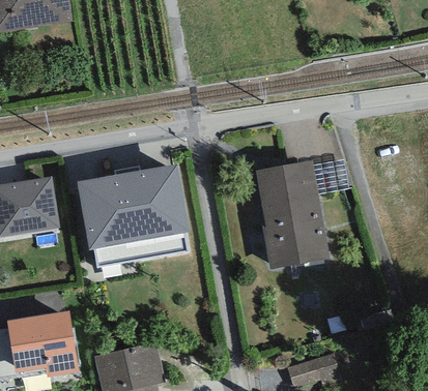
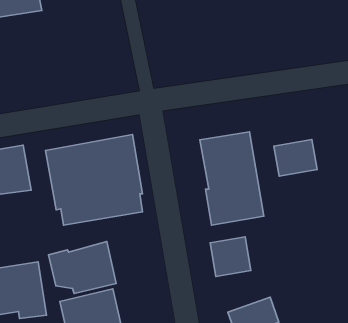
building: none -> [274,140,317,176]
building: none -> [210,237,251,276]
building: none -> [48,241,116,293]

